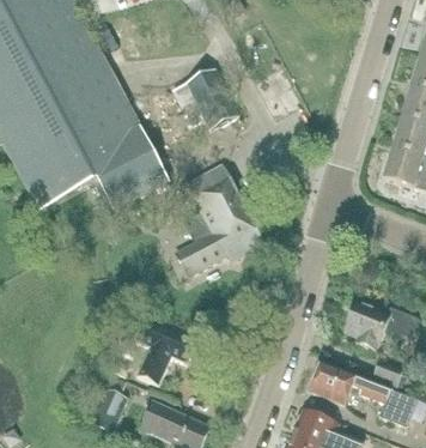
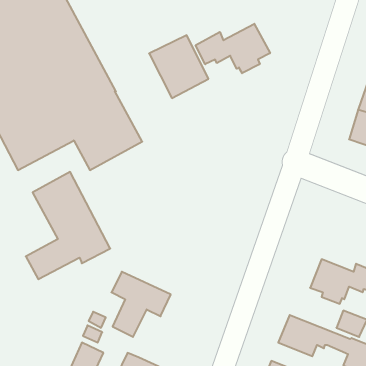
building: none -> [196,24,270,73]
building: [175,163,263,276] -> [26,172,110,279]

